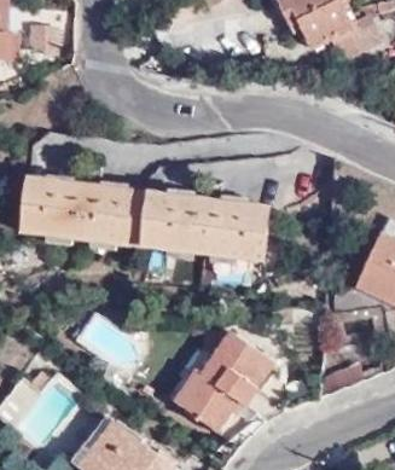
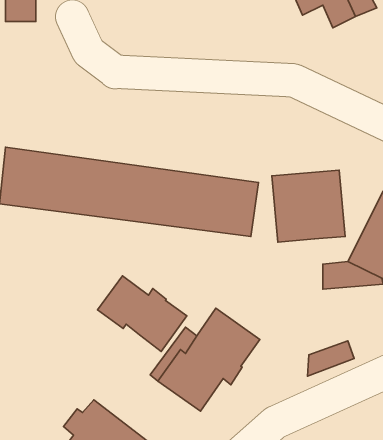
building: none -> [272,170,345,242]
building: none -> [97,276,187,351]

